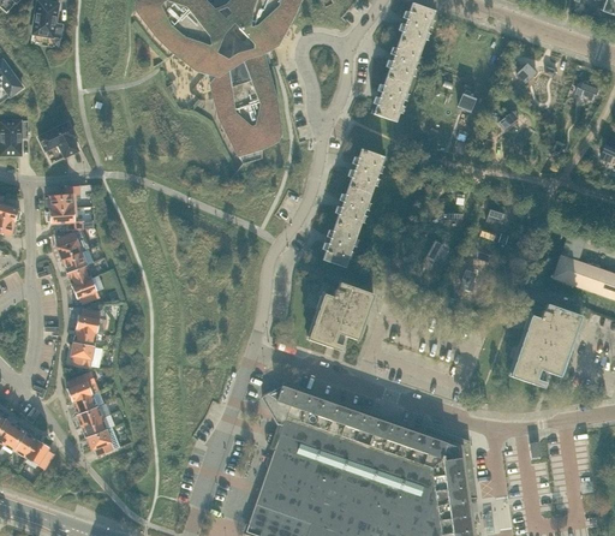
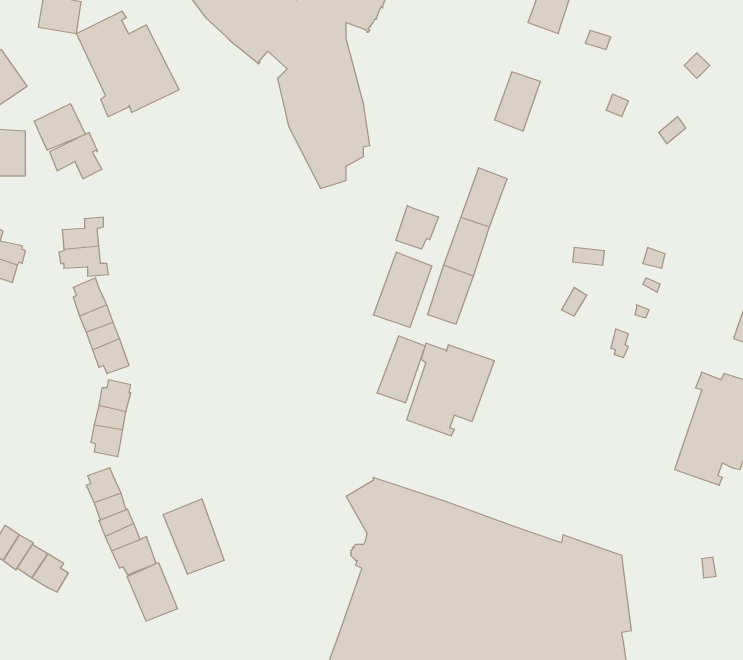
building: none -> [76,11,179,117]
building: [387,40,422,84] -> none
building: none -> [34,104,85,150]
building: none -> [396,205,439,249]
building: none -> [373,252,432,327]
building: none -> [377,336,425,403]
building: none -> [163,499,224,574]
building: none -> [127,563,178,621]

